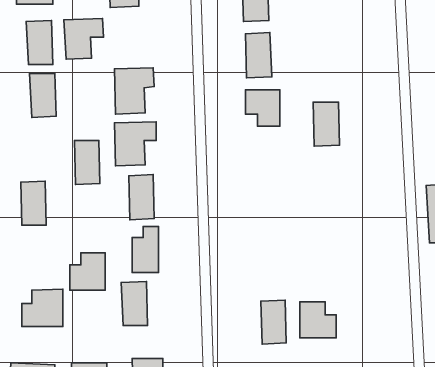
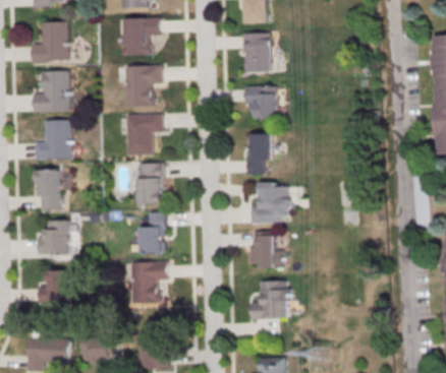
building: [64,19,104,59] -> [122,18,159,56]
building: [313,102,339,146] -> [246,132,271,173]
building: [74,141,100,185] -> [47,120,70,161]
building: none -> [247,181,290,224]
building: [70,253,105,290] -> [38,221,70,255]
building: [300,302,336,338] -> [248,235,282,268]

